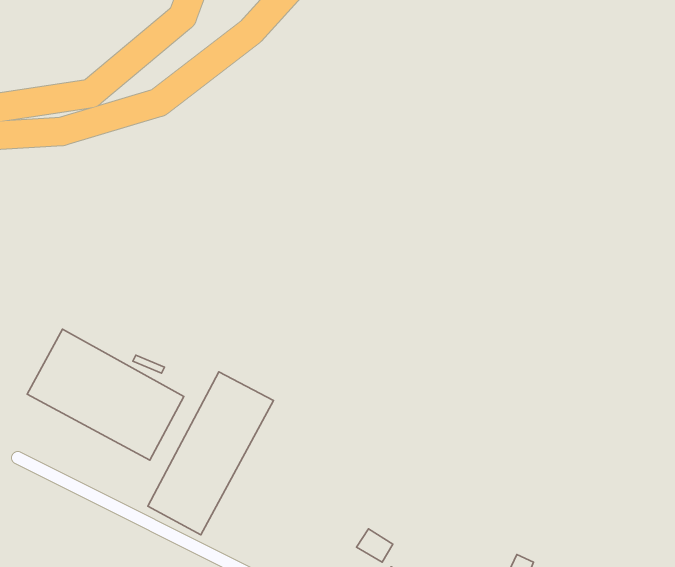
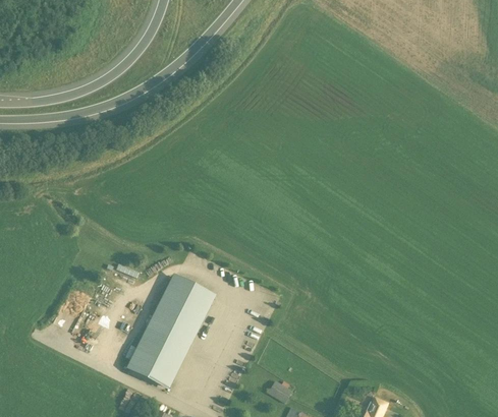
building: [27,329,184,460] -> none

